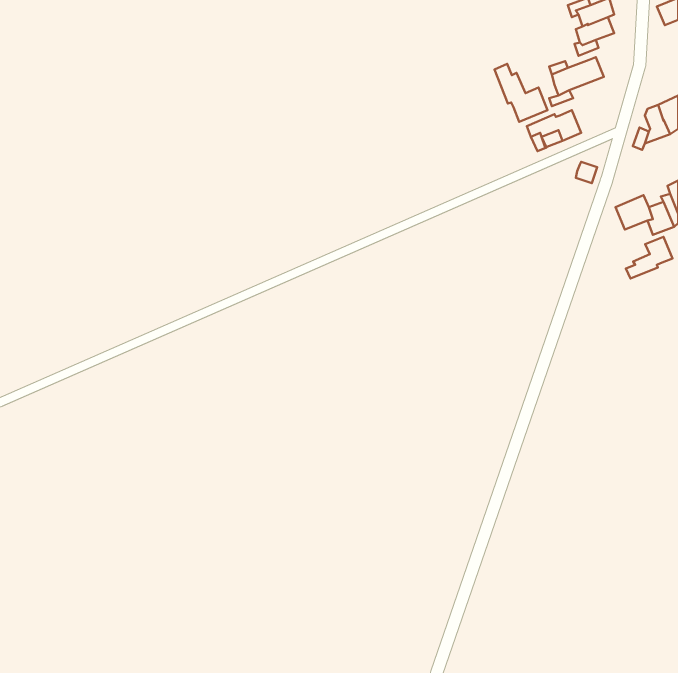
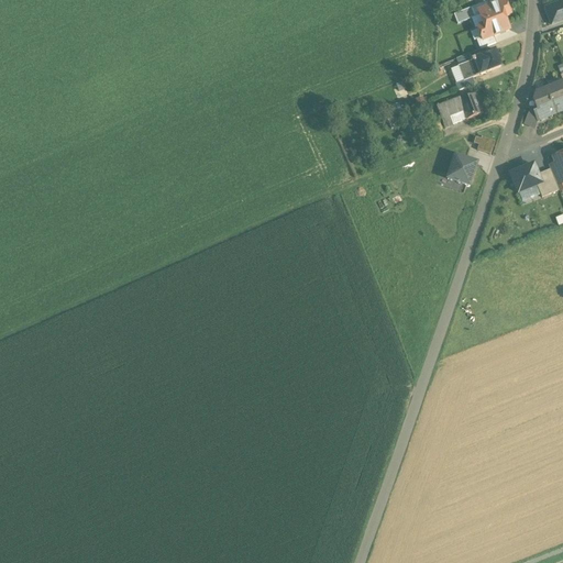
building: [494,64,547,122] -> none
building: none -> [448,154,476,184]
building: [626,237,672,278] -> none

